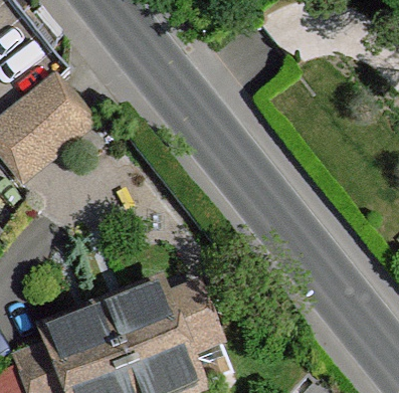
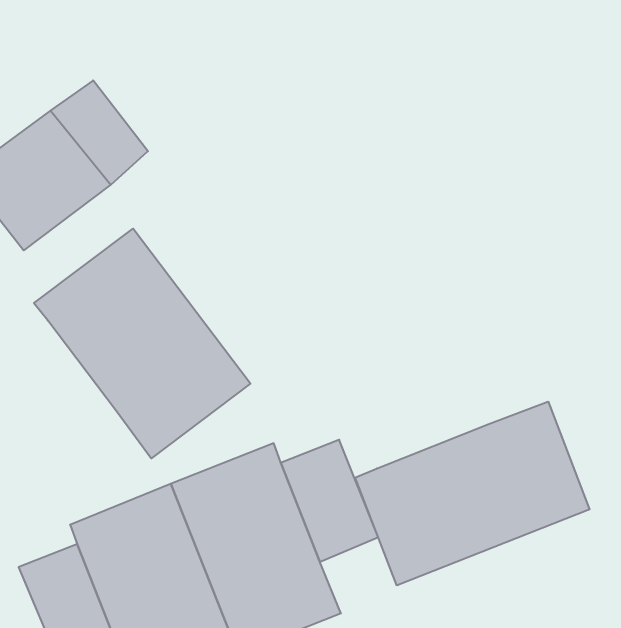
building: none -> [34,229,250,458]
building: none -> [355,402,590,585]

